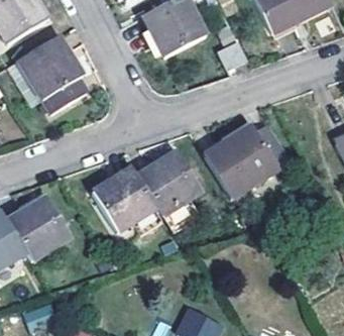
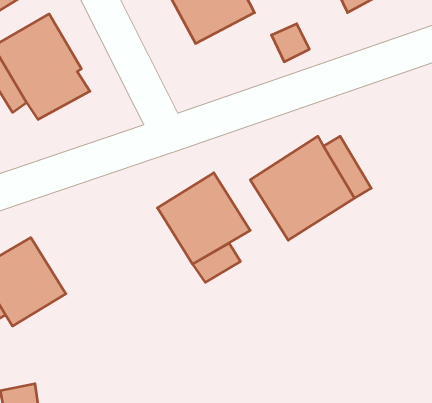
building: [92,167,156,231] -> none

